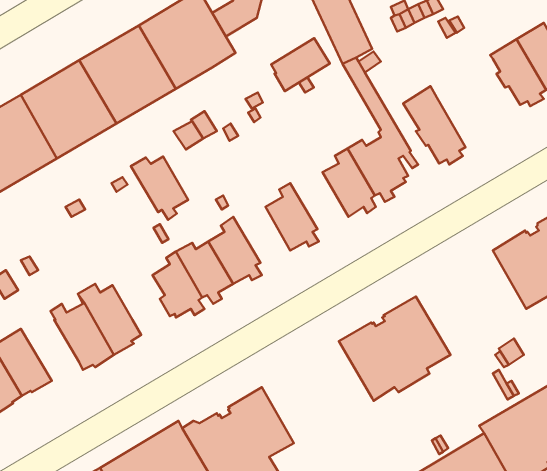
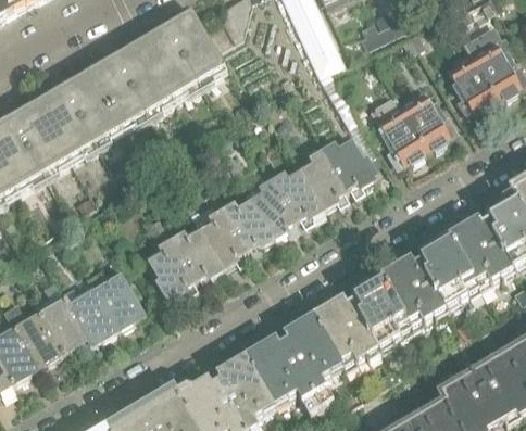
building: [271,38,330,91] -> none
building: none -> [399,89,448,148]
building: [131,156,188,220] -> [221,199,271,254]
building: none -> [271,168,322,225]
building: none -> [380,237,477,328]
building: none -> [35,290,86,351]
building: none -> [246,316,342,419]

